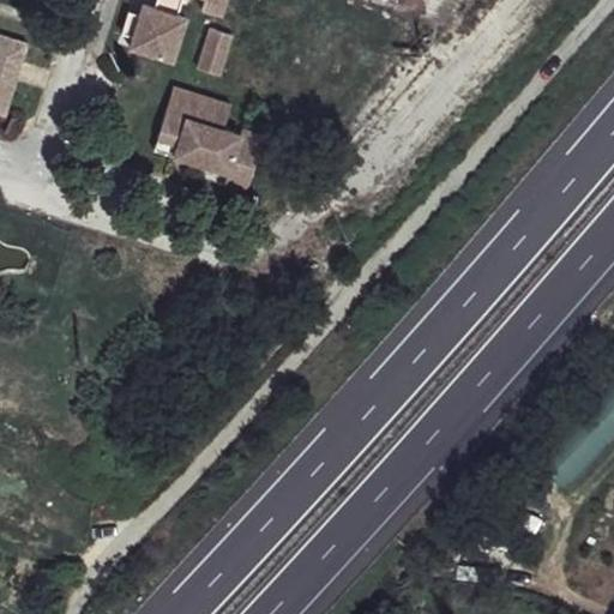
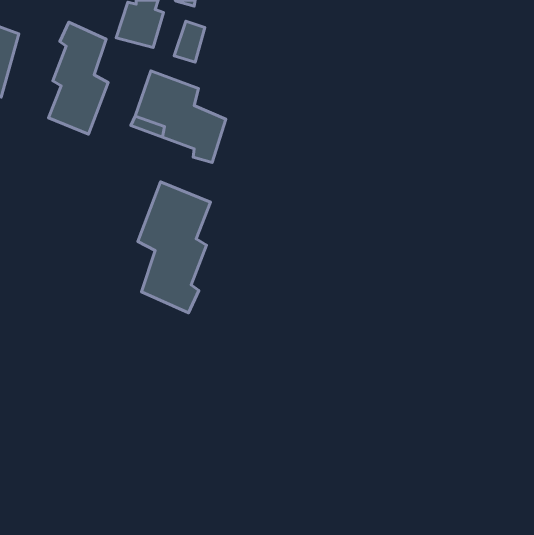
building: none -> [48,22,108,134]
building: none -> [138,182,211,313]

